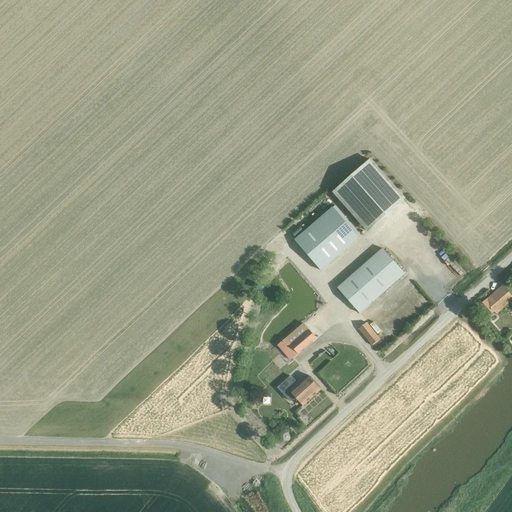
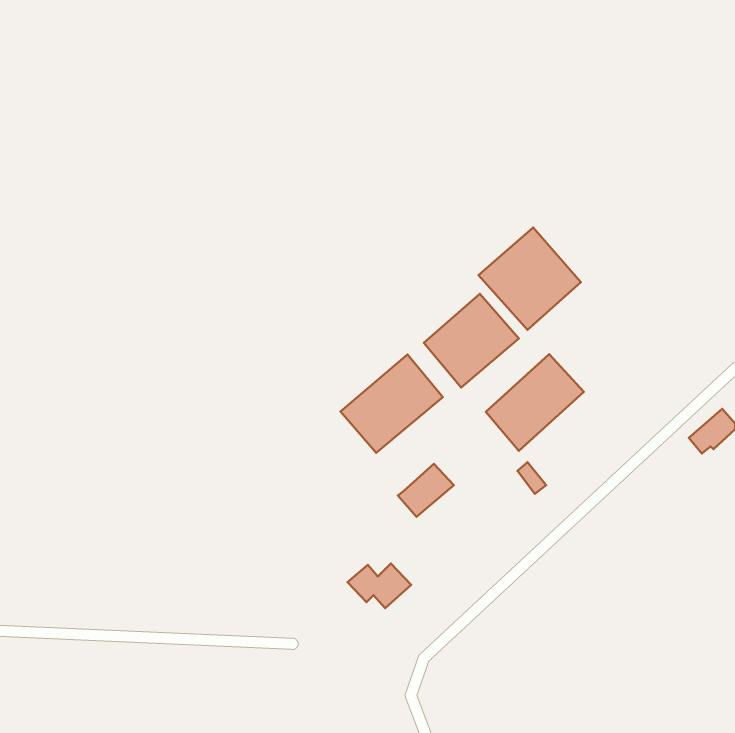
building: none -> [340,354,443,453]
building: [276,373,320,404] -> [348,563,411,608]

